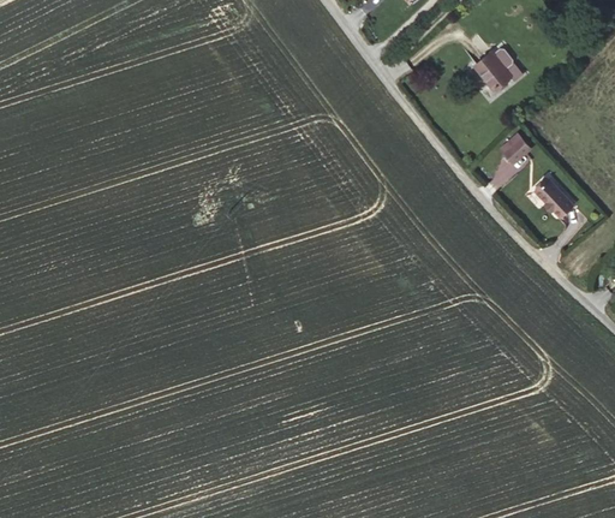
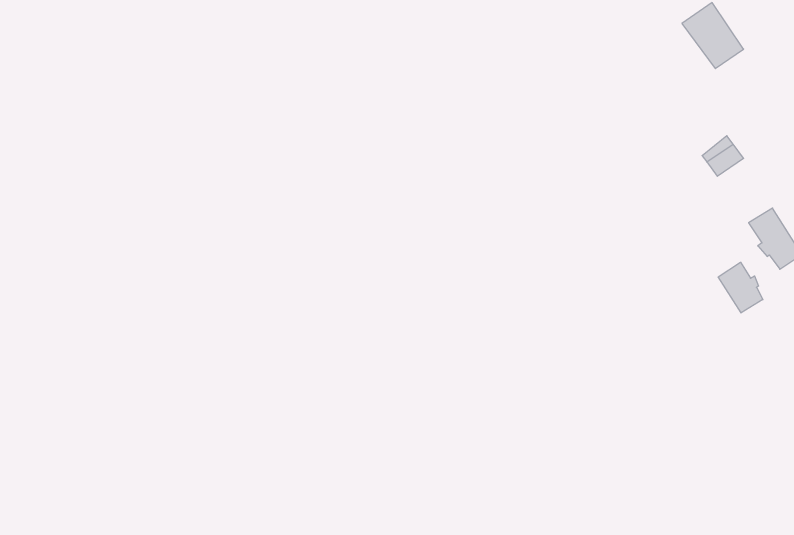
building: none -> [718,262,763,313]

